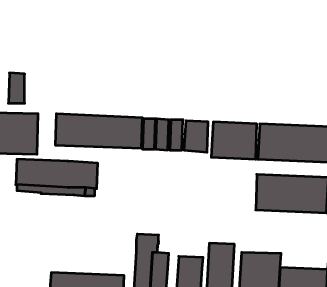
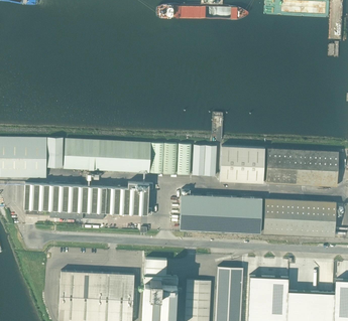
building: [8,73,25,103] -> [46,137,63,167]
building: none -> [105,182,152,214]
building: none -> [180,189,261,233]
building: none -> [60,271,134,299]

